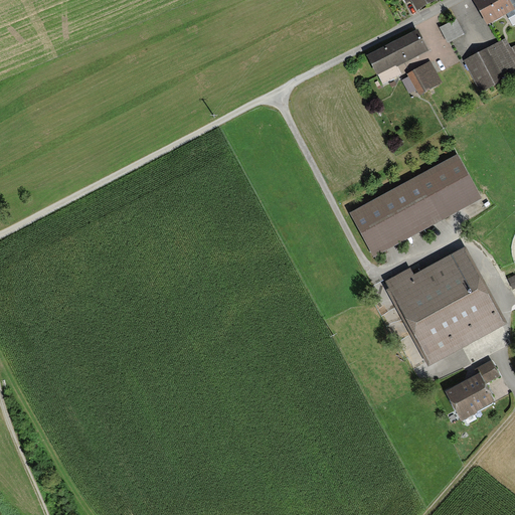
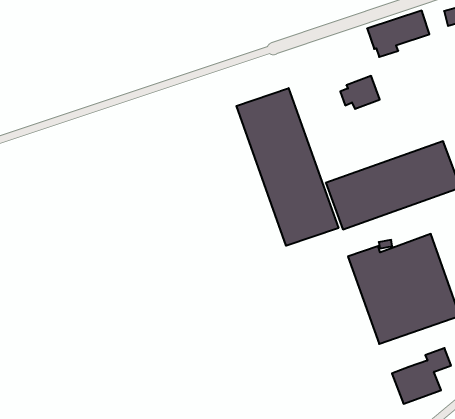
building: [402,58,443,94] -> [340,76,380,109]
building: none -> [236,88,338,246]

